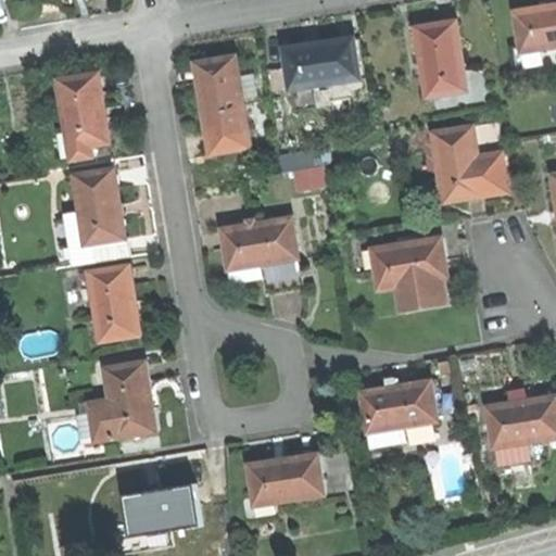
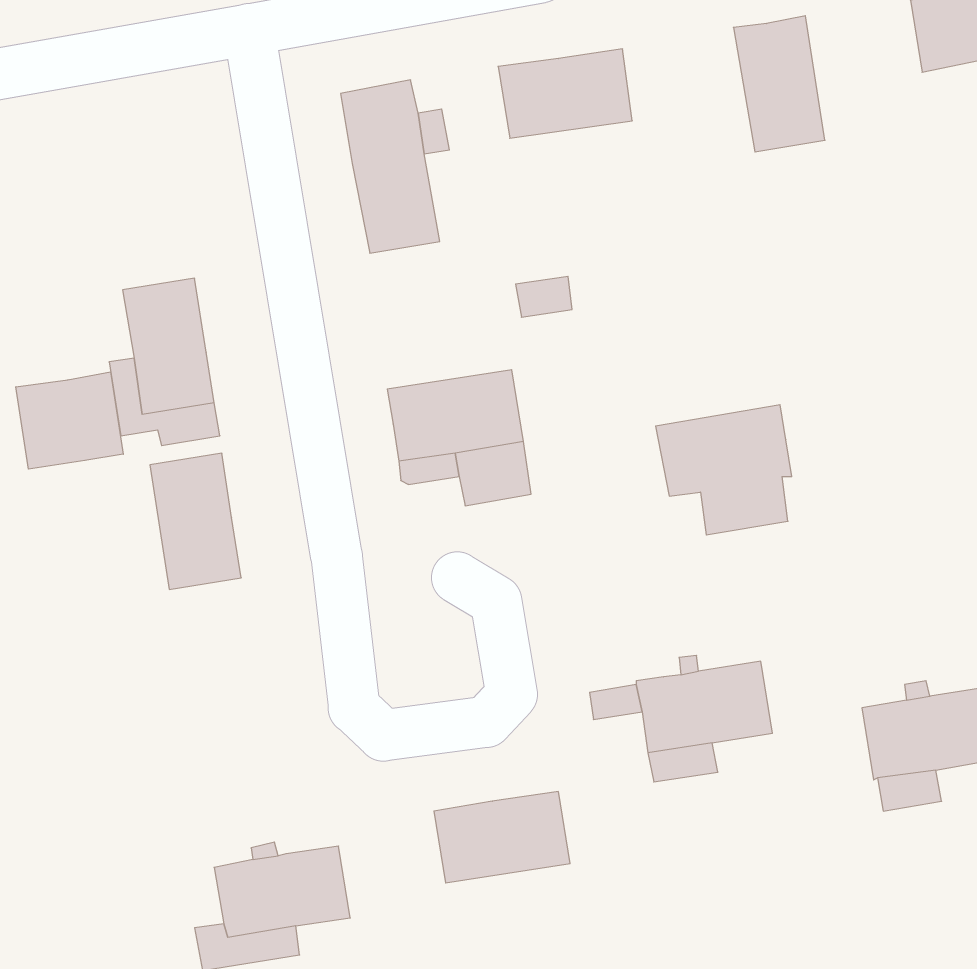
building: [56,72,108,159] -> none
building: [431,126,506,201] -> none
building: none -> [16,372,123,469]
building: [87,361,154,440] -> none

